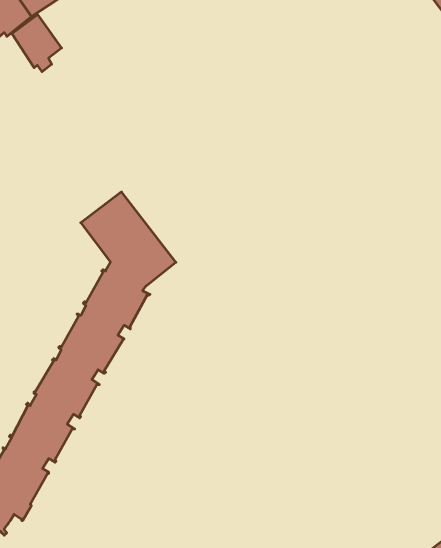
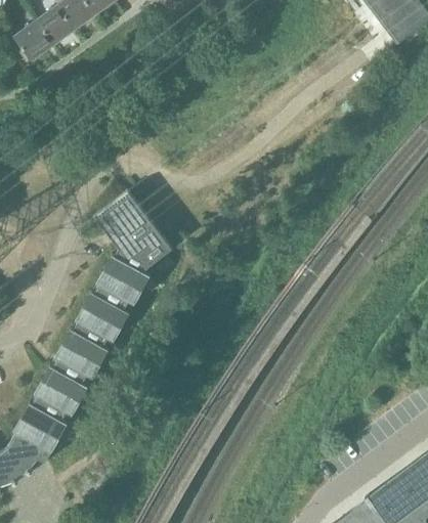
building: [12,15,62,72] -> none

